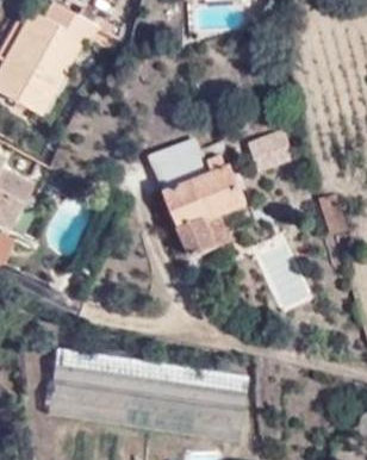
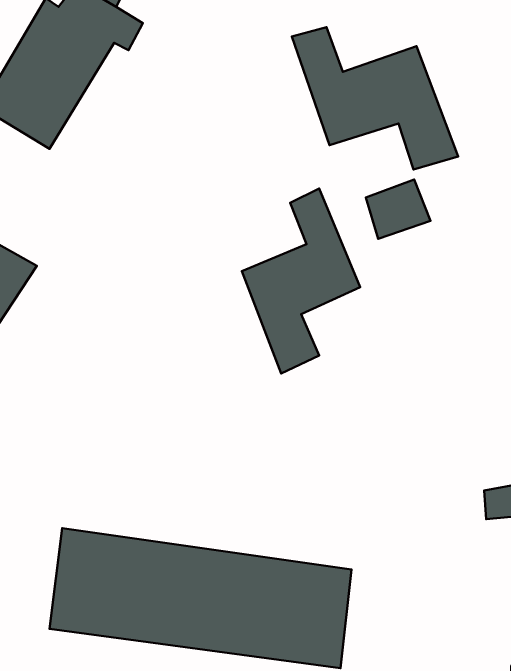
building: none -> [292,27,458,170]
building: [155,142,210,187] -> none

